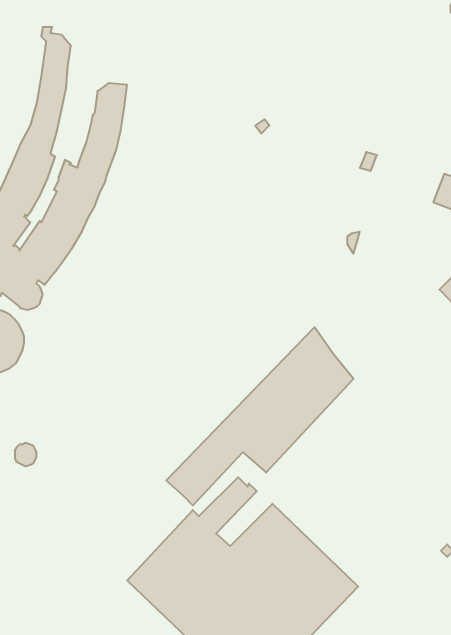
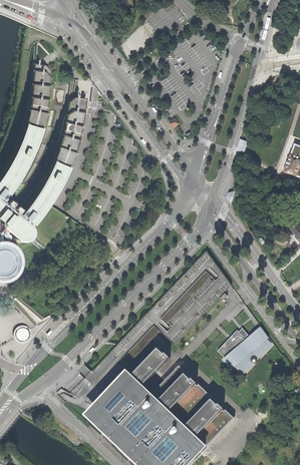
building: none -> [217,327,269,372]

